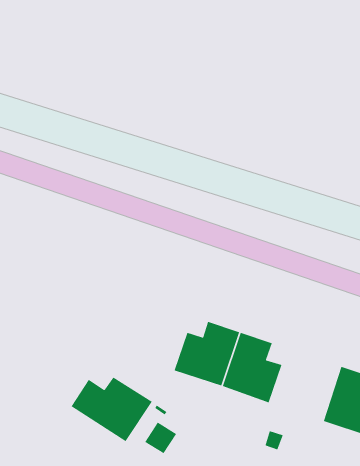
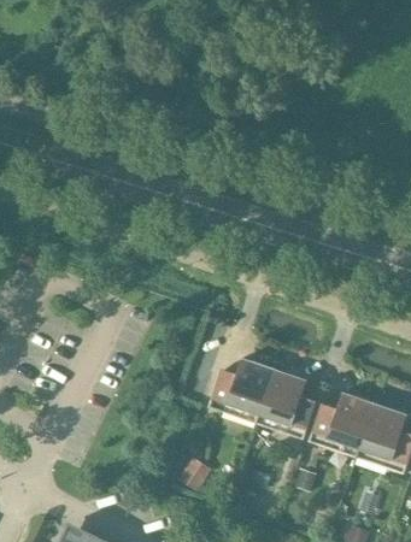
building: none -> [309,393,375,459]
building: [70,376,153,442] -> none

